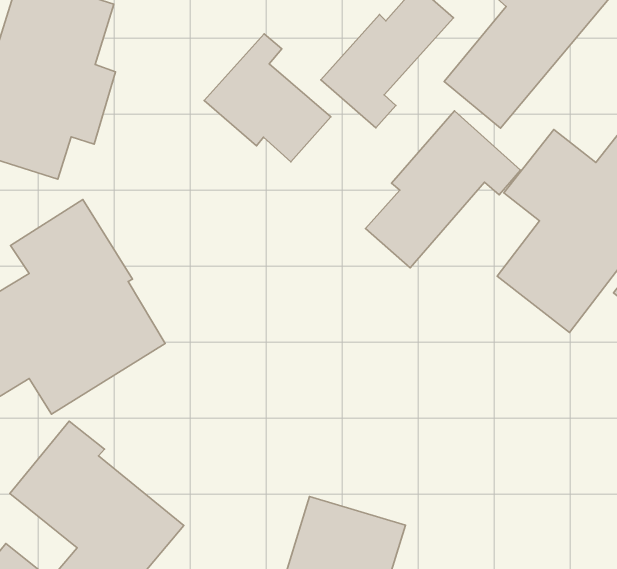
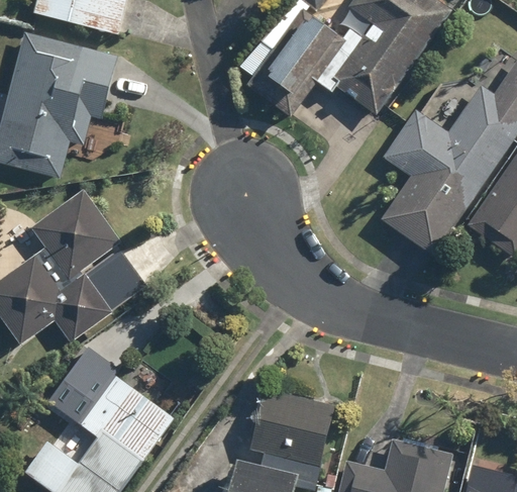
building: [204,34,331,162] -> none
building: [366,111,521,268] -> none

